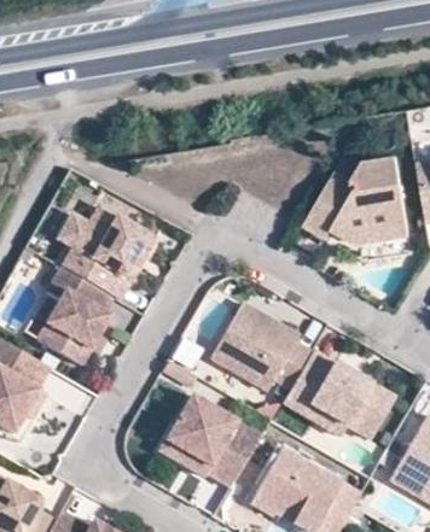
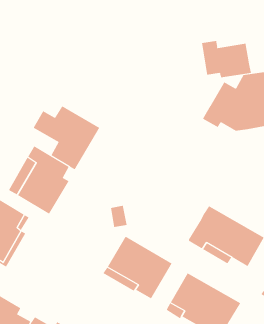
building: none -> [201,40,251,78]
building: [209,302,312,399] -> none

